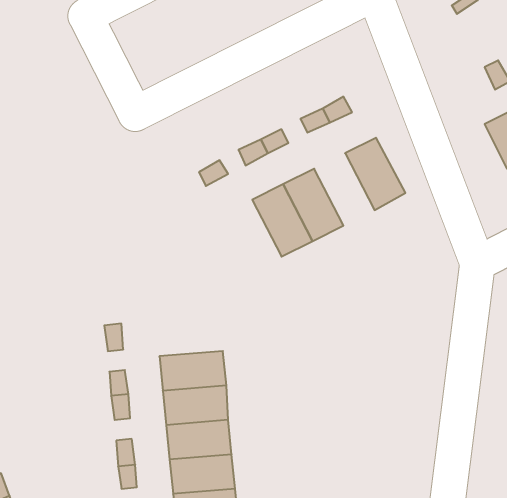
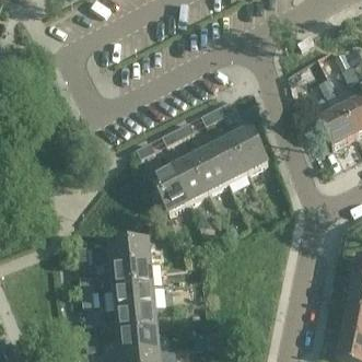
building: none -> [210,135,248,180]
building: none -> [151,164,189,211]
building: none -> [109,237,152,264]

